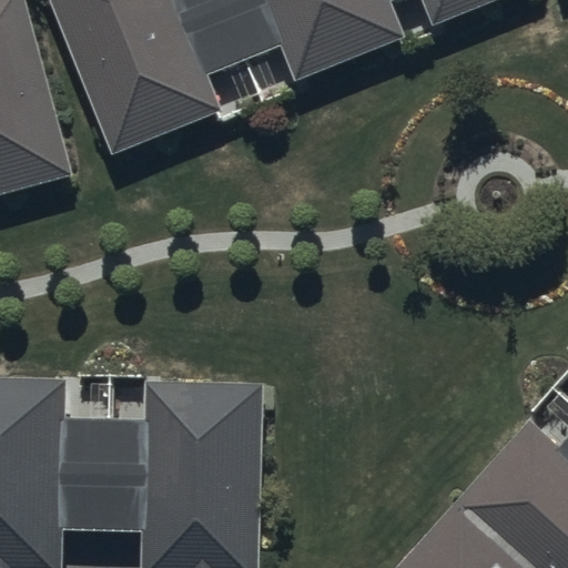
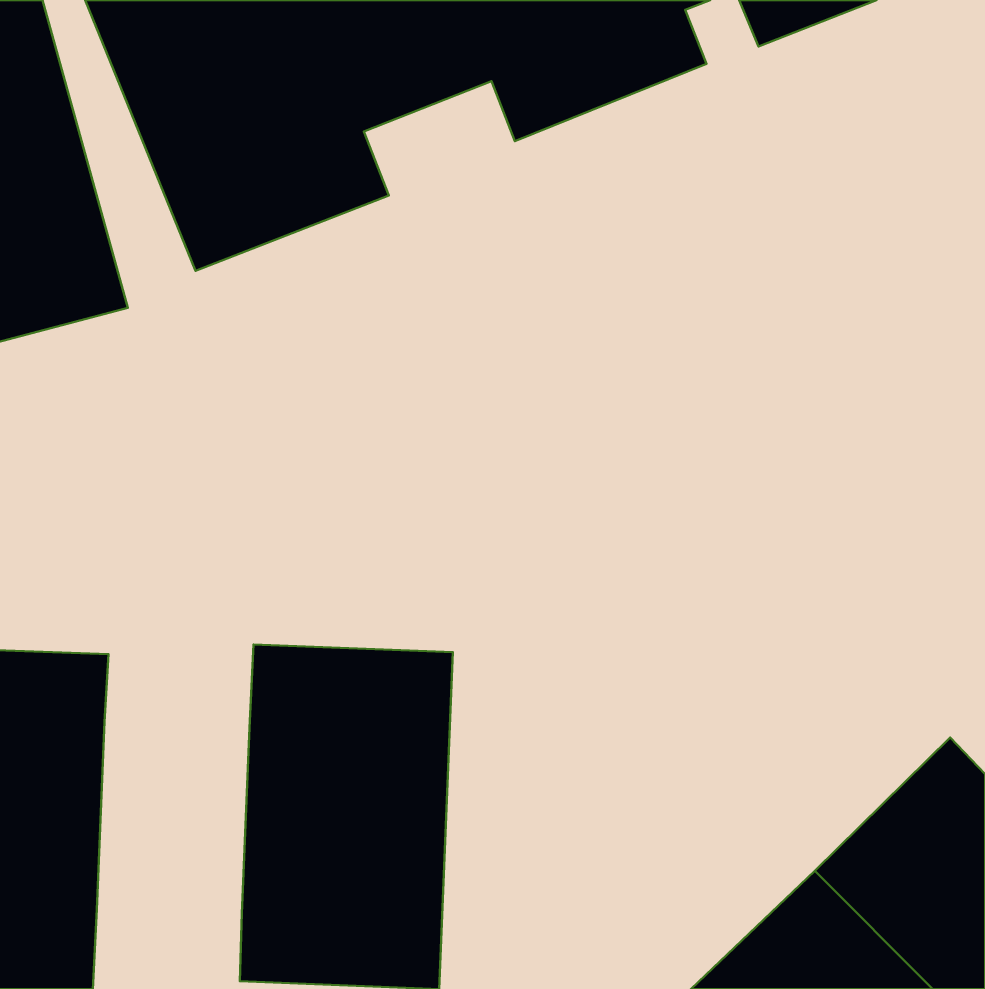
building: [55,414,143,524] -> none

